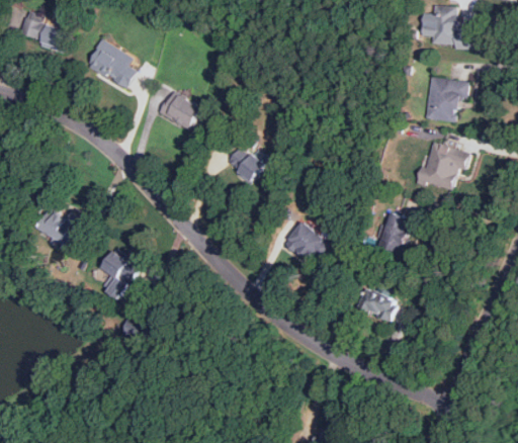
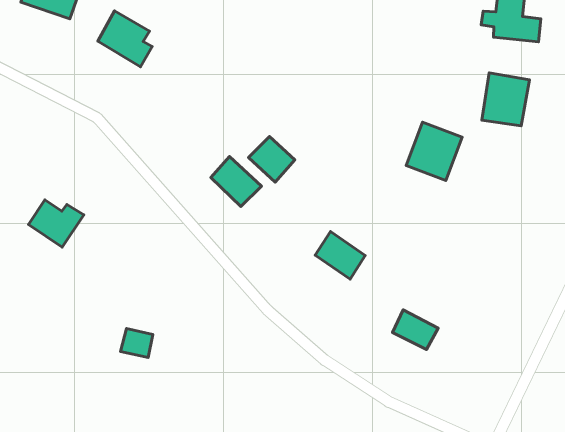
building: [158,90,200,128] -> none
building: [417,141,464,190] -> [406,122,462,180]
building: none -> [211,157,261,207]
building: [377,211,413,253] -> none
building: [99,250,140,299] -> none

